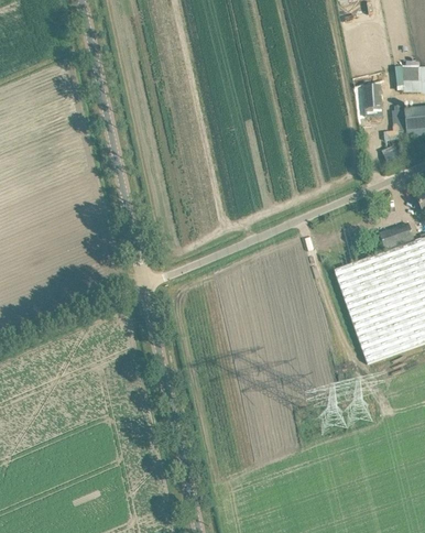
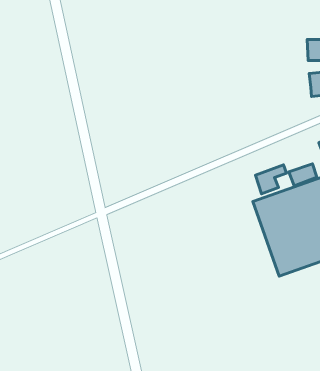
building: [363,84,383,115] -> none
building: none -> [256,165,287,194]

